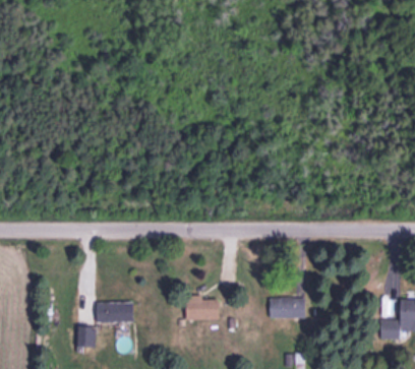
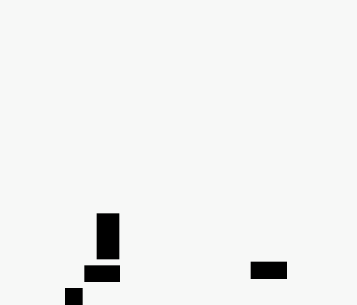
building: none -> [96,213,120,260]
building: [186,299,221,320] -> none

